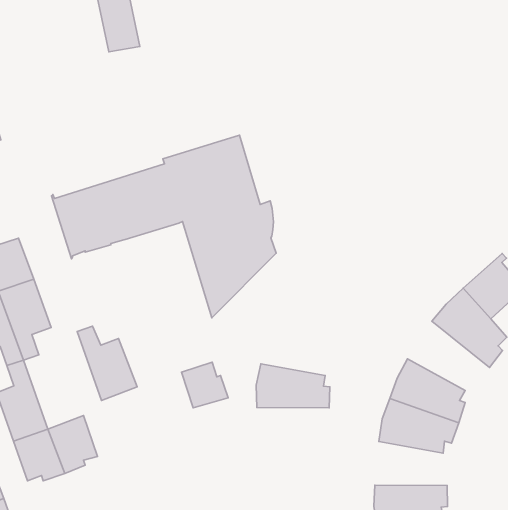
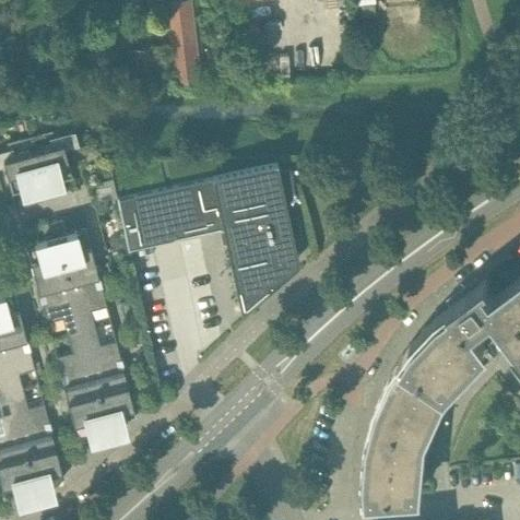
building: none -> [402,335,470,395]
building: [77,326,137,400] -> [83,335,129,398]
building: [182,362,228,408] -> none
building: [256,364,330,408] -> [366,432,428,473]

